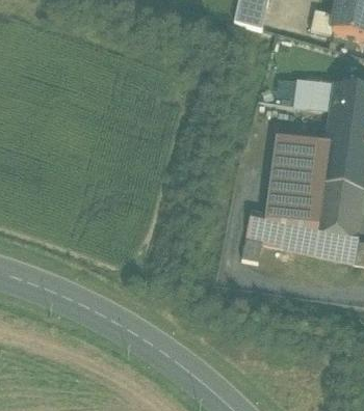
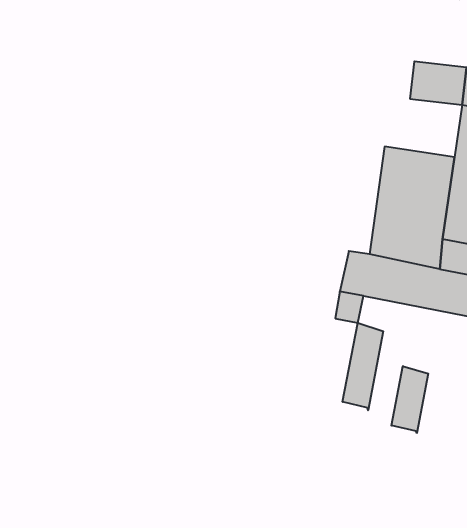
building: none -> [343,323,383,410]
building: none -> [391,366,428,433]

